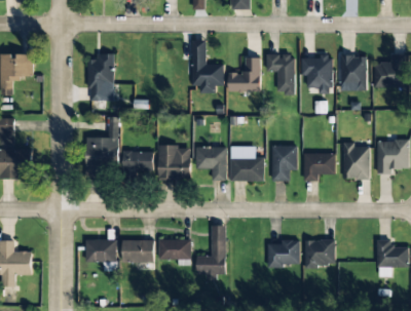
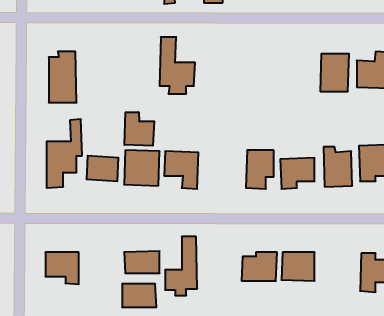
building: [266,54,295,93] -> none
building: [228,56,261,91] -> none
building: [302,56,331,93] -> none
building: none -> [124,112,154,146]
building: [230,146,264,181] -> none
building: [122,240,154,262] -> [122,284,156,307]

